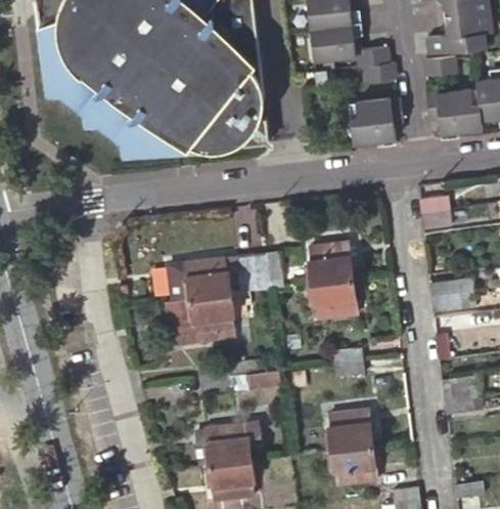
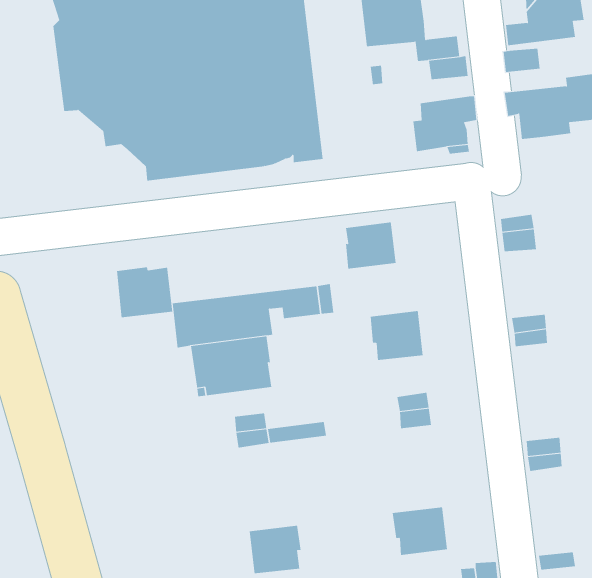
building: none -> [117,266,173,318]
building: [311,242,354,282] -> [345,222,396,269]
building: [329,406,374,447] -> none
building: [196,420,260,462] -> none

